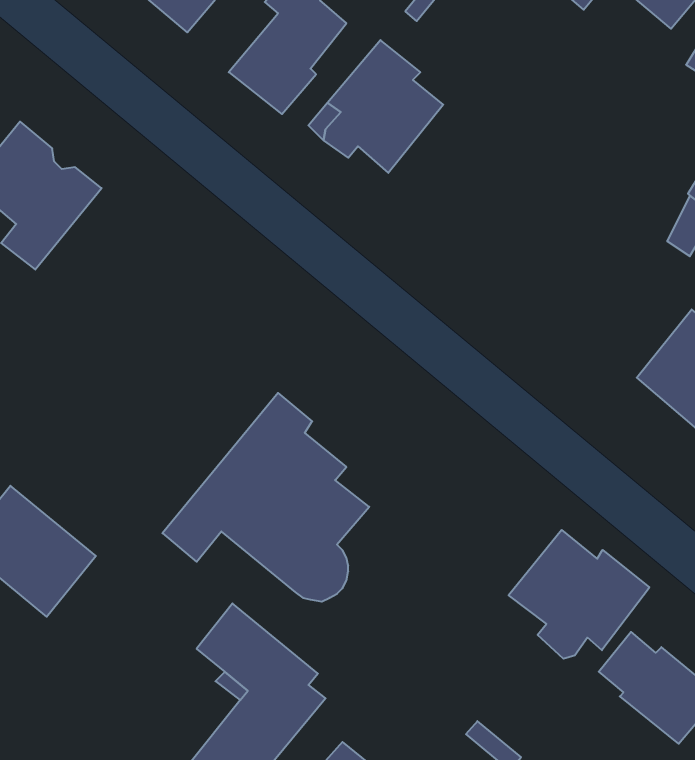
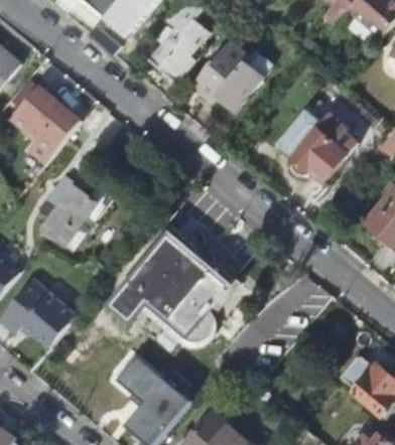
building: none -> [274,111,357,184]
building: none -> [35,175,112,245]
building: [509,530,649,659] -> none

